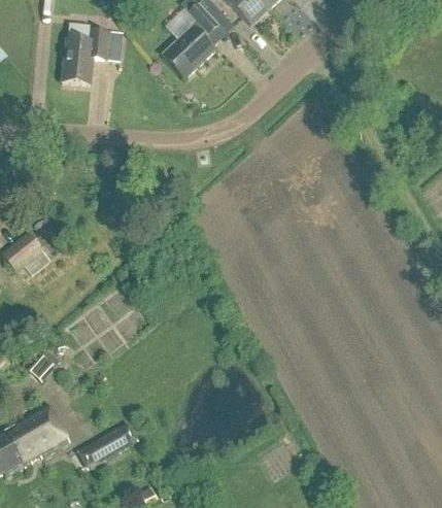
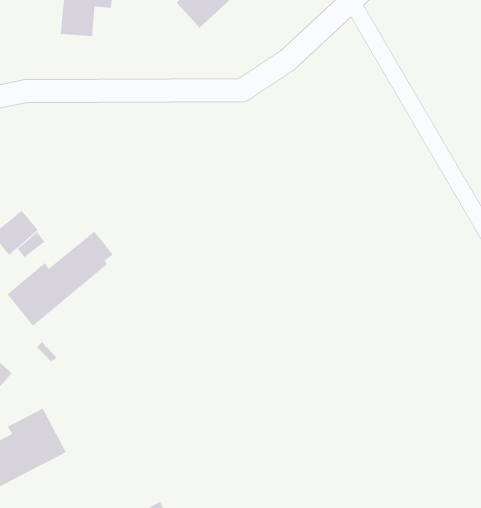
building: none -> [6,230,114,327]
building: [88,428,128,463] -> none

